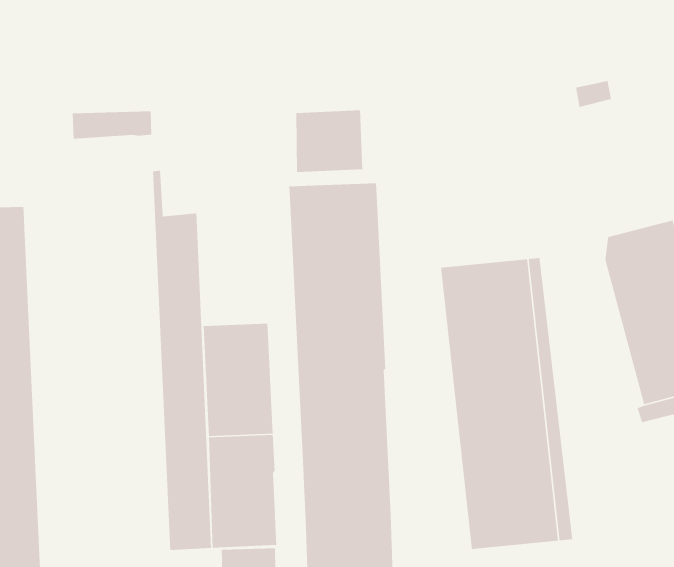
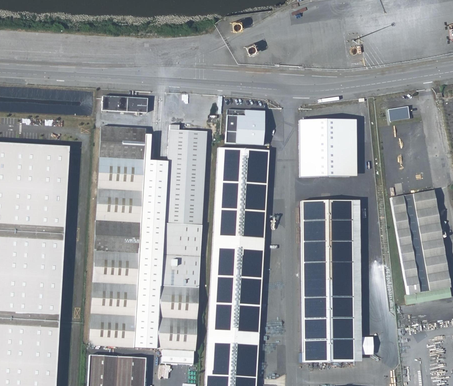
building: none -> [301,118,356,174]
building: none -> [164,130,206,225]
building: none -> [88,128,144,348]

